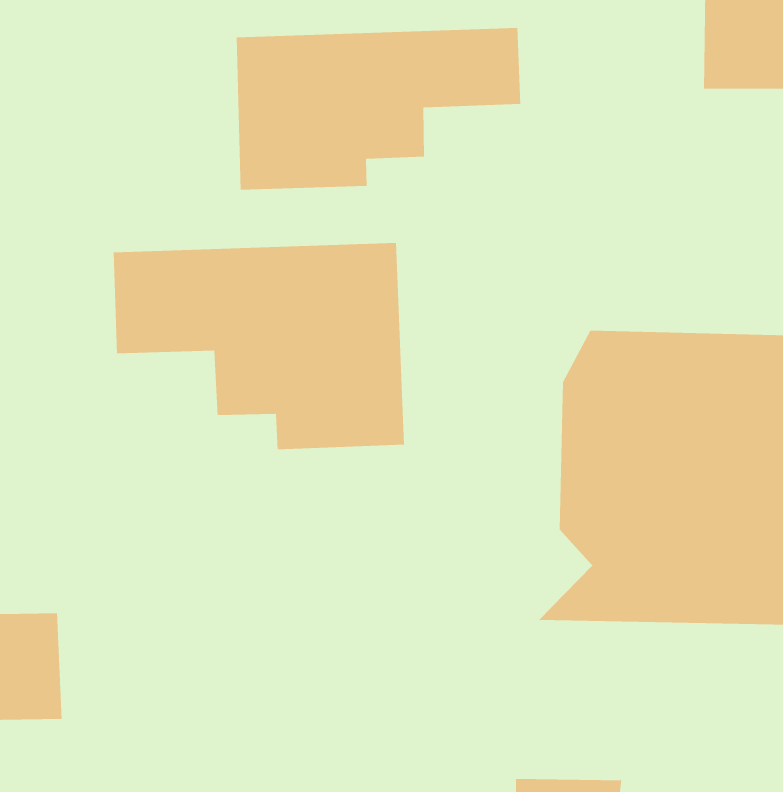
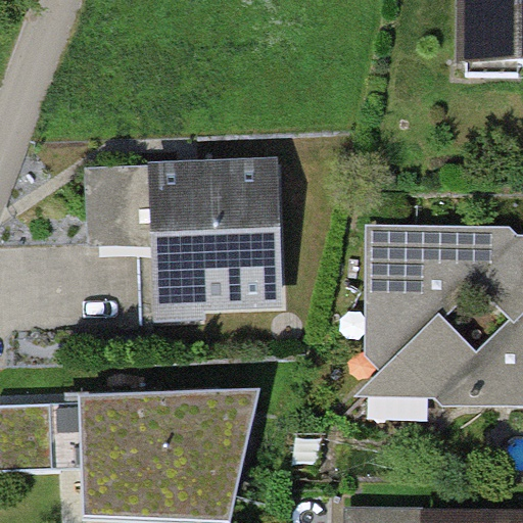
building: [236,27,521,191] -> none
building: none -> [79,395,252,504]

